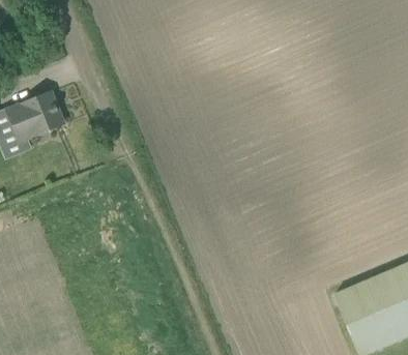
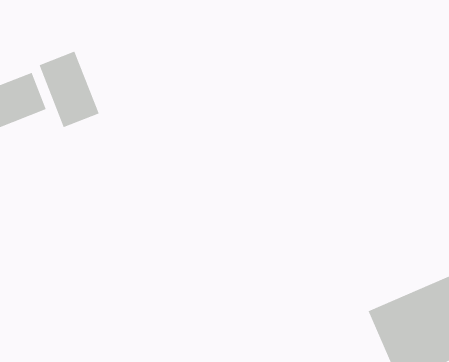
building: none -> [38,50,100,128]

